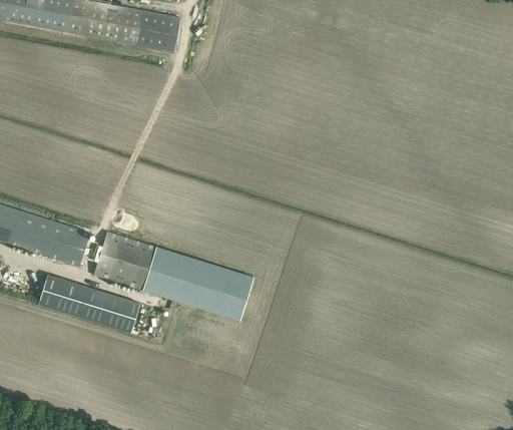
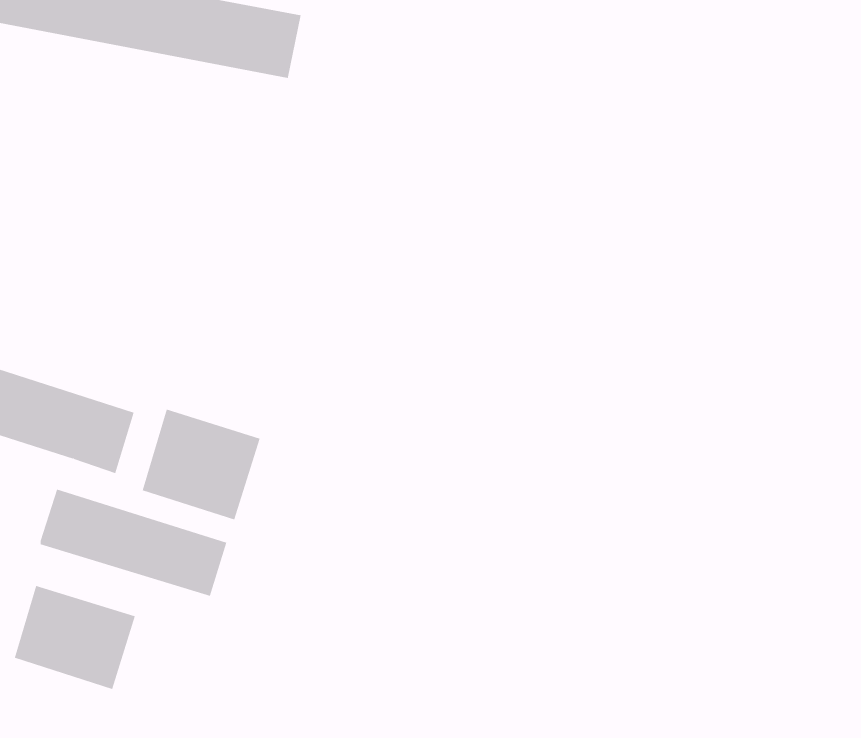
building: [143,247,252,320] -> none
building: none -> [14,585,136,690]

